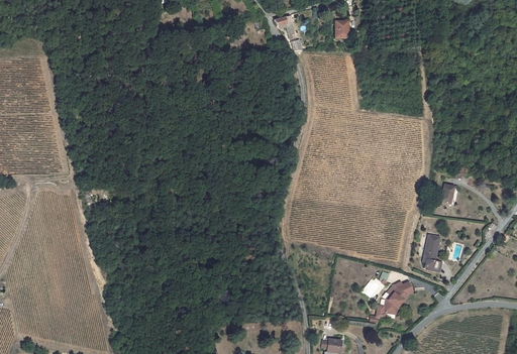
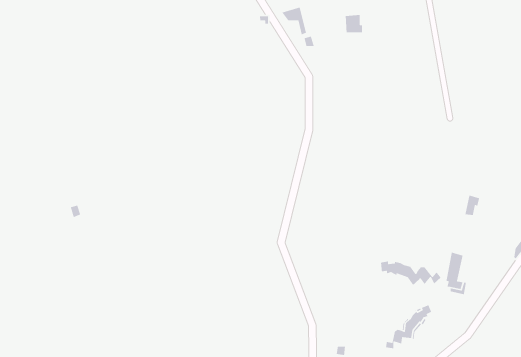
building: none -> [380,261,441,286]

